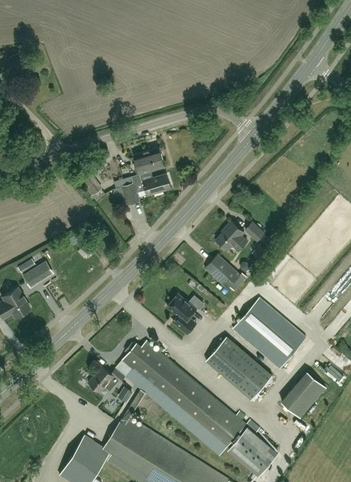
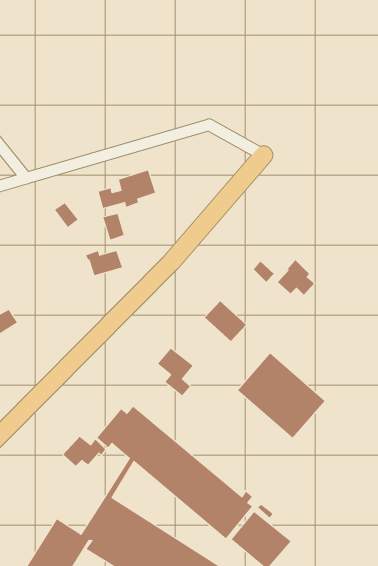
building: [141,174,172,195] -> [85,250,123,276]
building: [217,221,248,251] -> [277,259,315,295]
building: [206,336,273,400] -> none
building: [282,371,326,417] -> none

